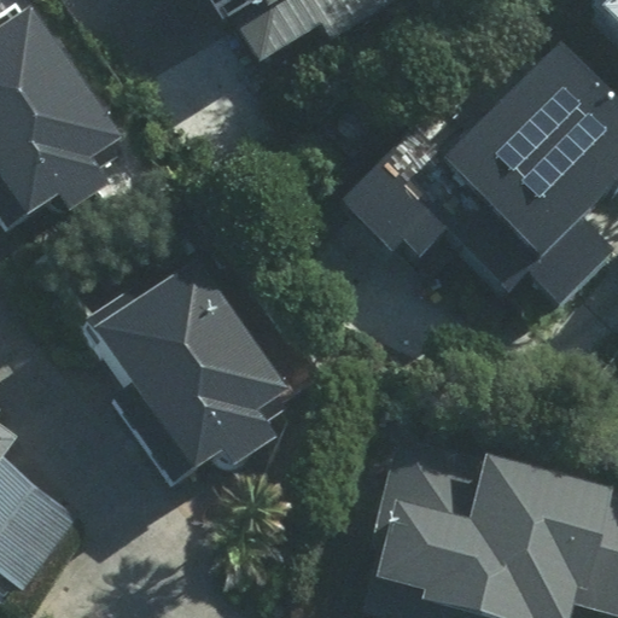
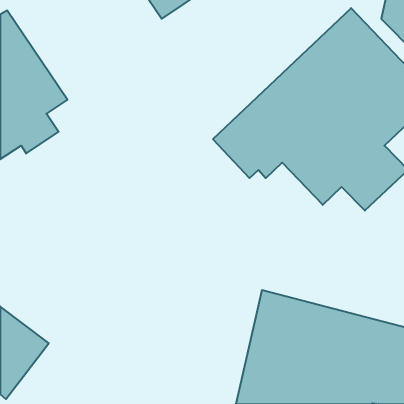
building: [76,264,280,489] -> none

